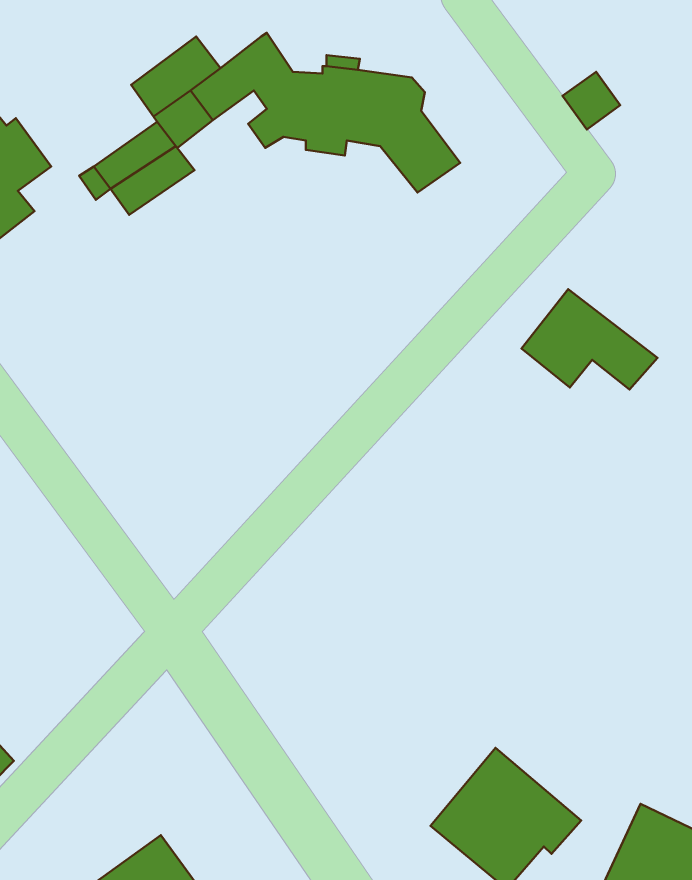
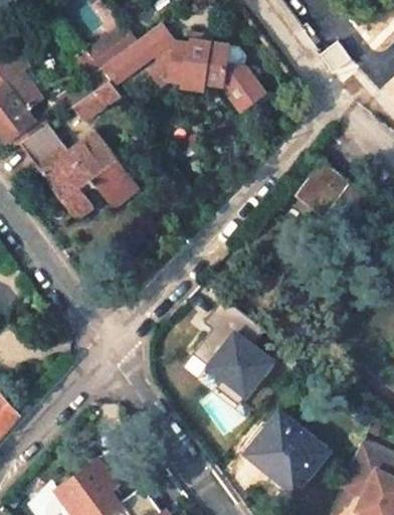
building: none -> [20,126,135,217]
building: none -> [194,298,274,405]

